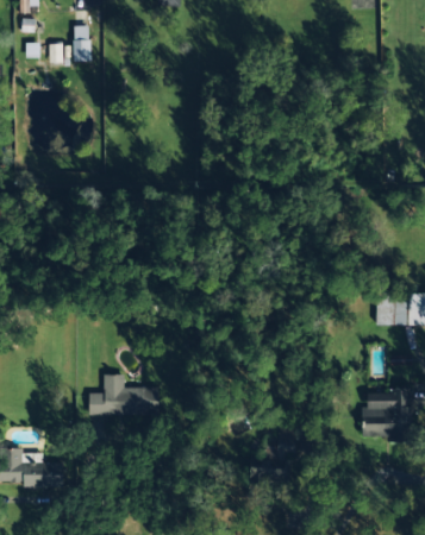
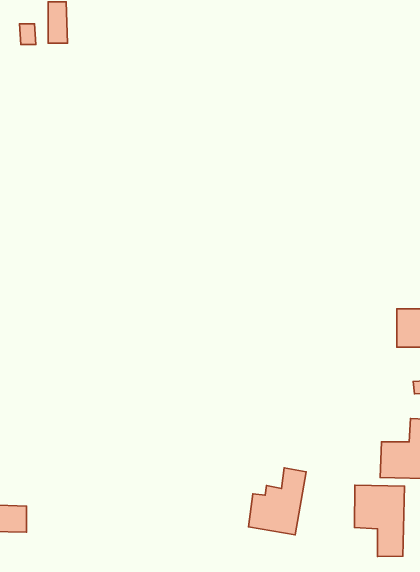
building: [89,373,160,414] -> none
building: none -> [354,485,404,556]

